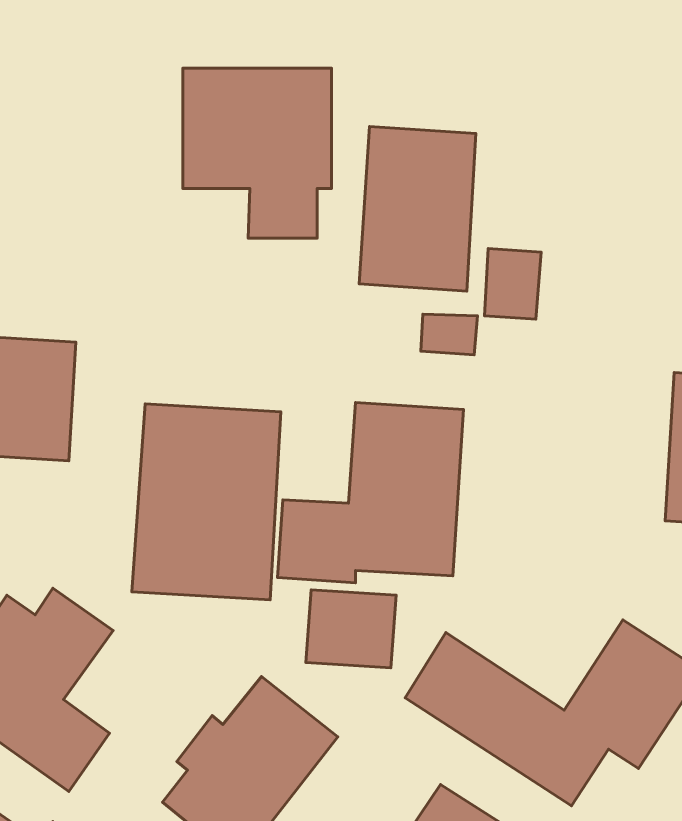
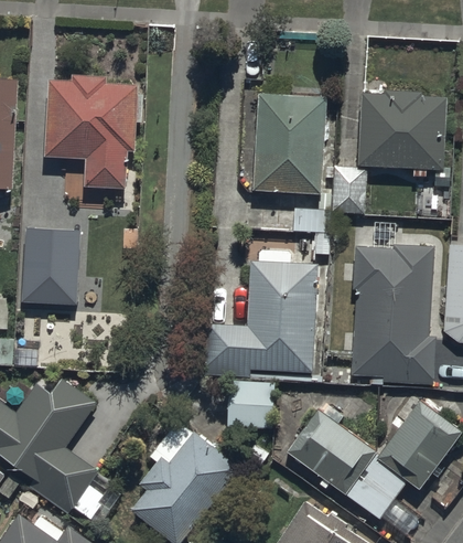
building: [183,68,331,238] -> [42,84,134,190]
building: none -> [357,94,449,172]
building: none -> [351,243,439,384]
building: [132,404,281,600] -> none

